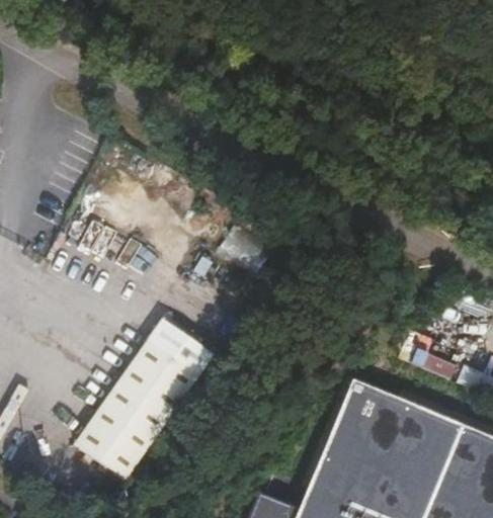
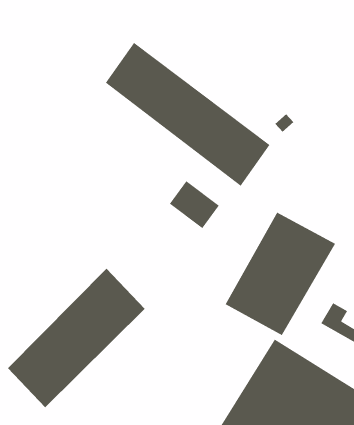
building: none -> [105,42,270,187]
building: none -> [225,211,336,336]

